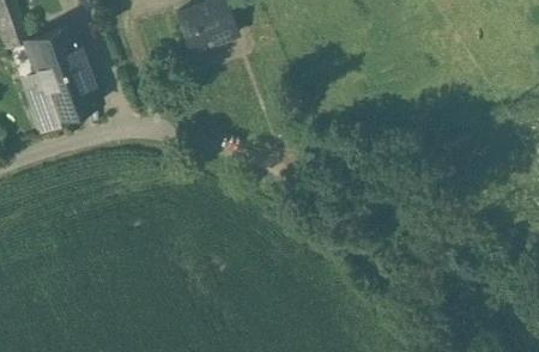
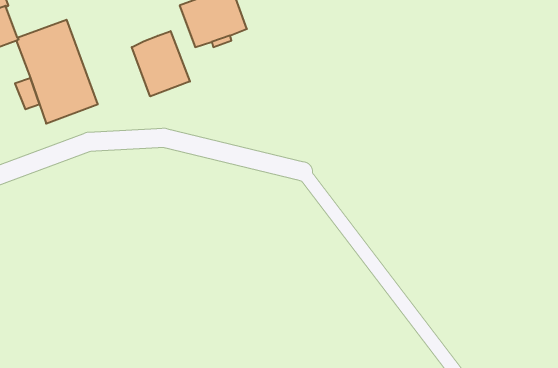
building: none -> [132,31,190,96]

